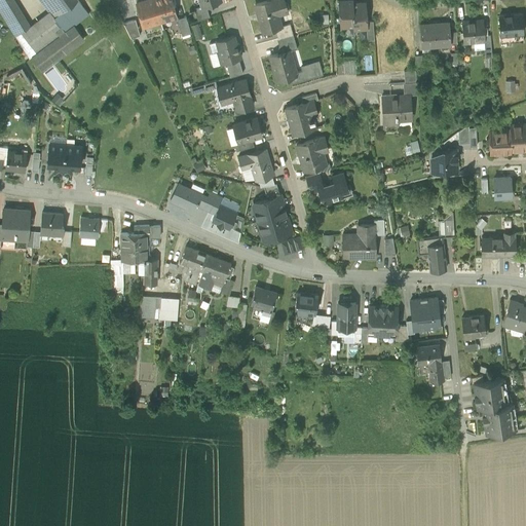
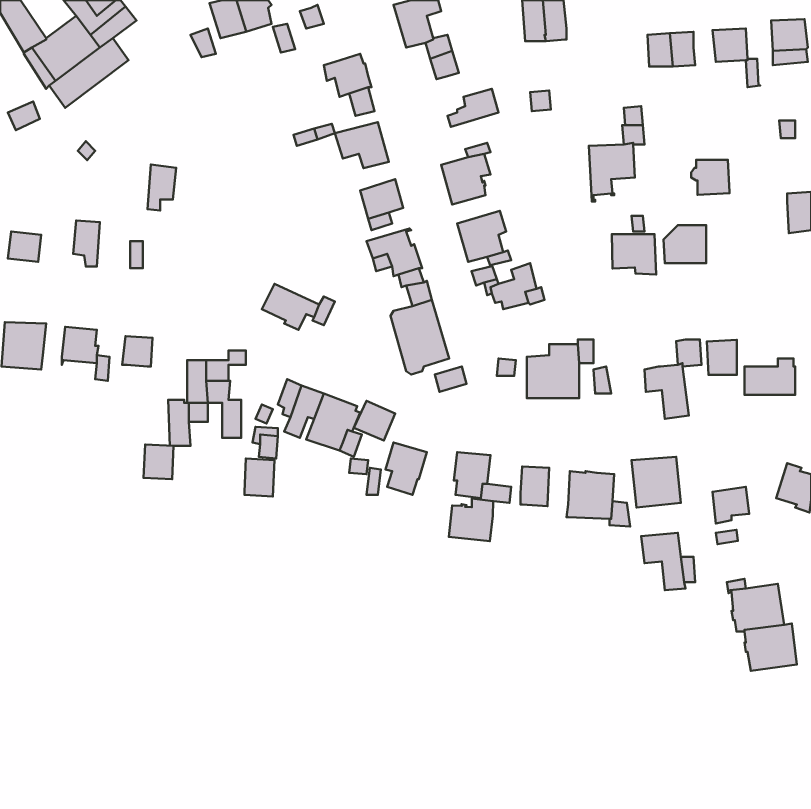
building: [270,50,296,79] -> none
building: [486,132,511,154] -> [691,160,729,195]
building: [63,145,81,175] -> [148,165,176,211]
building: none -> [612,234,656,275]
building: [491,176,511,198] -> [707,340,737,375]
building: [210,204,236,230] -> [354,401,395,441]
building: [140,297,159,320] -> [143,444,174,479]
building: none -> [449,498,493,541]

